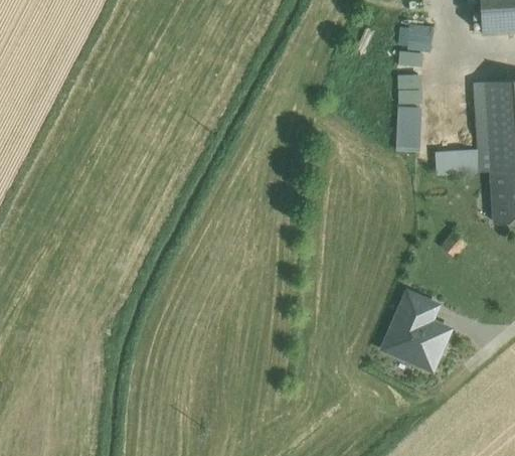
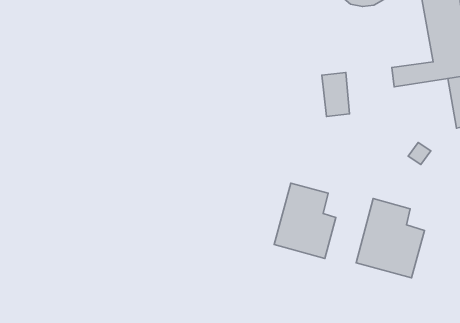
building: [393,106,418,149] -> [322,72,350,117]
building: none -> [274,183,336,259]

